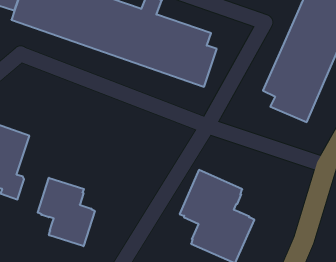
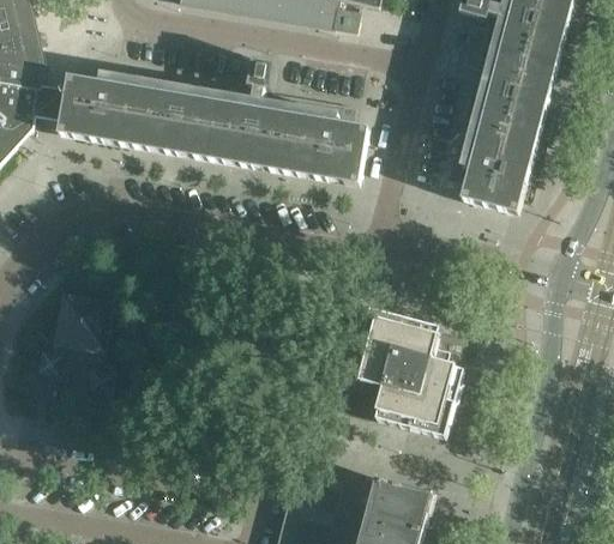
building: [38,178,95,246] -> none

